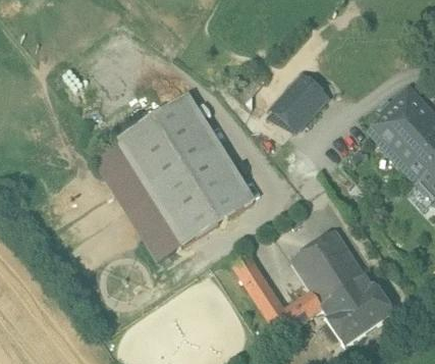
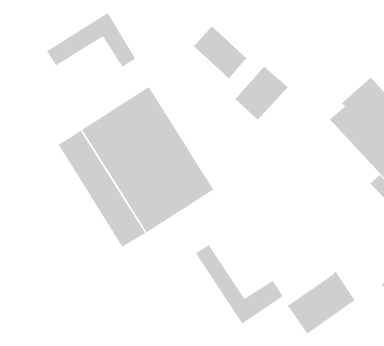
building: none -> [46,12,136,68]
building: none -> [192,25,247,80]
building: [290,229,372,315] -> none

